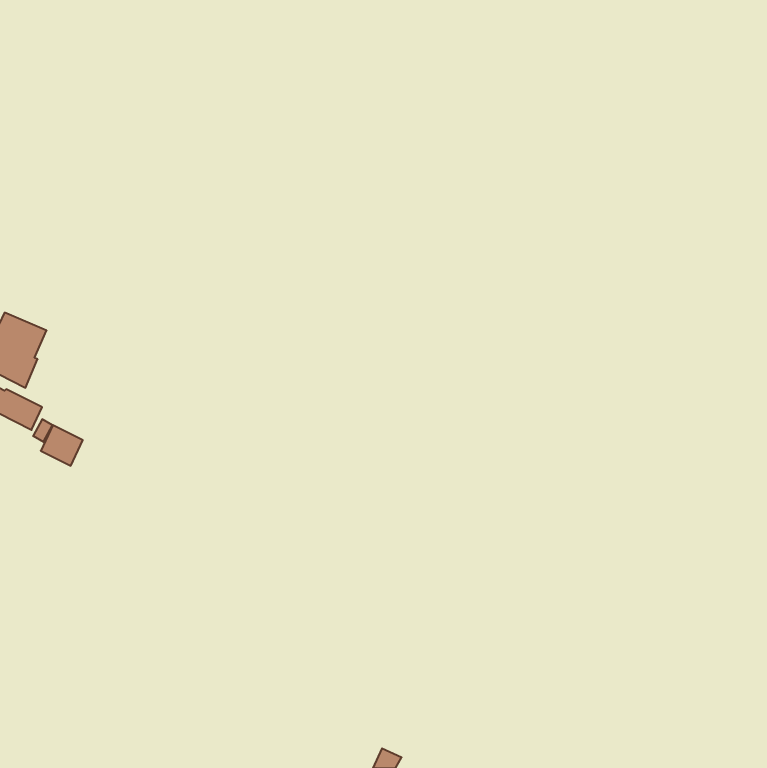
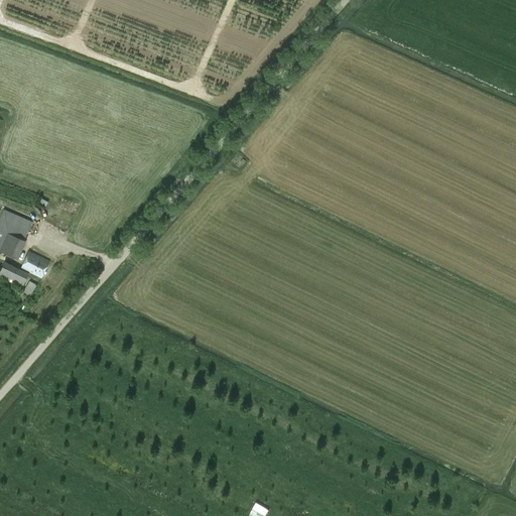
building: [41,425,83,466] -> [20,251,48,278]

